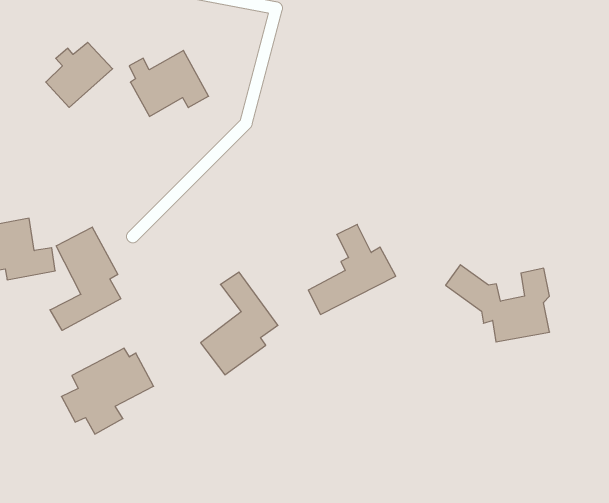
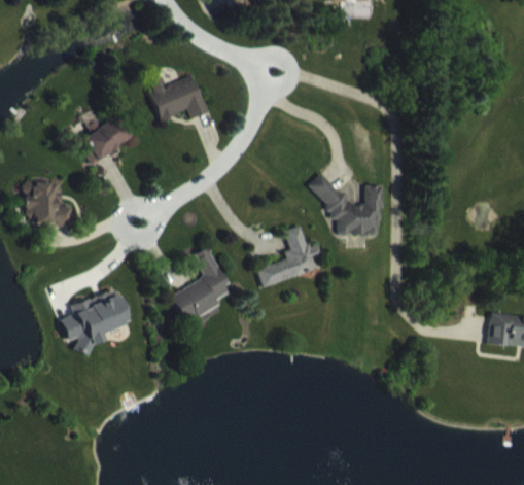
building: [46,42,113,107] -> [78,116,130,163]
building: [50,227,121,330] -> none
building: [446,265,550,342] -> [308,173,384,235]

